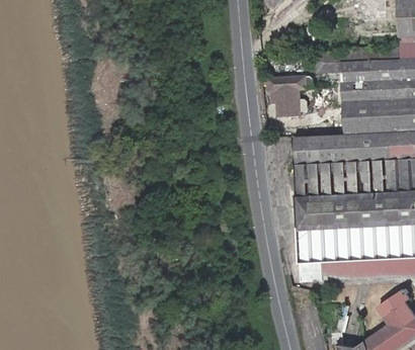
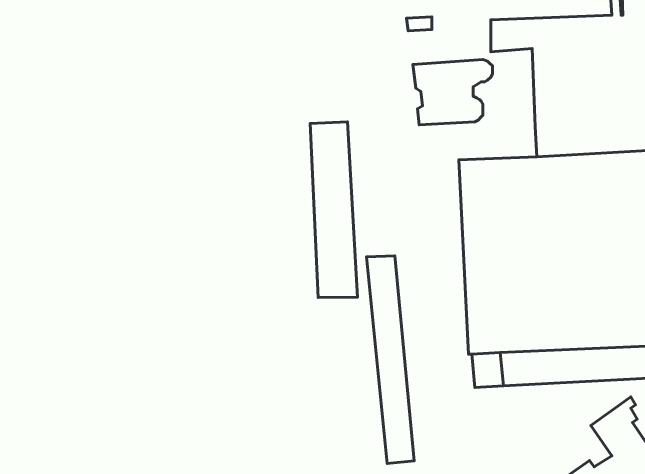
building: none -> [310,122,358,298]
building: none -> [366,256,414,463]

